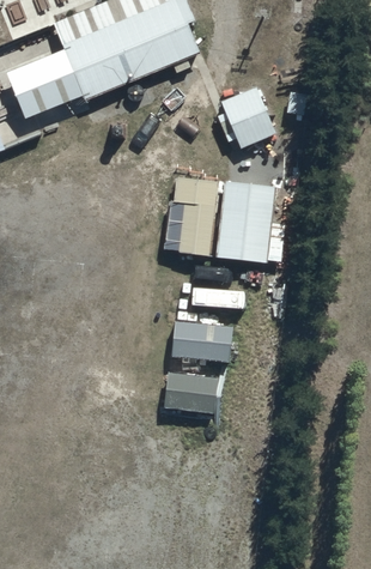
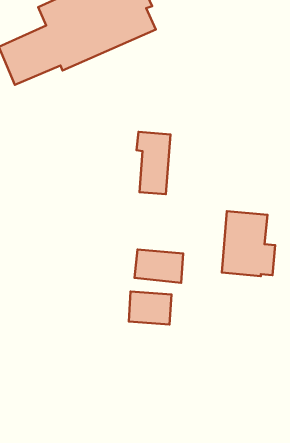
building: [217,86,275,147] -> none
building: [218,182,284,262] -> [222,211,275,276]

